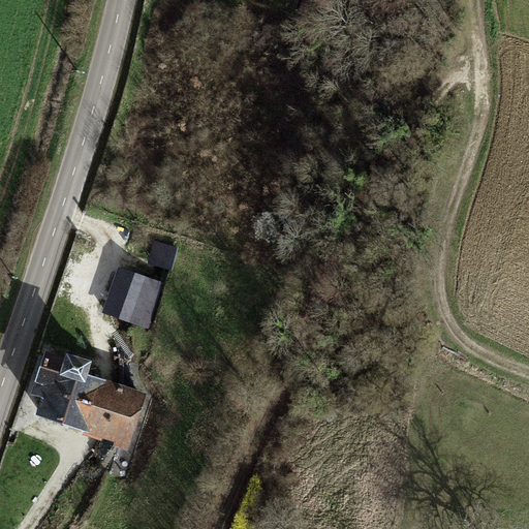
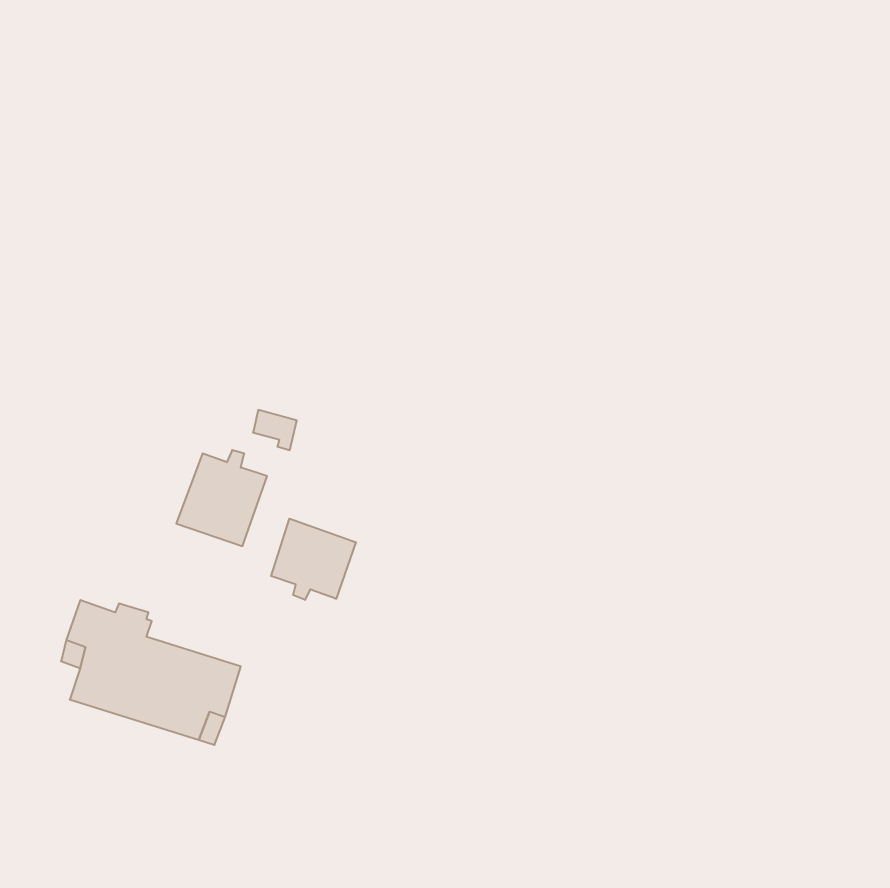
building: none -> [271,519,356,600]

